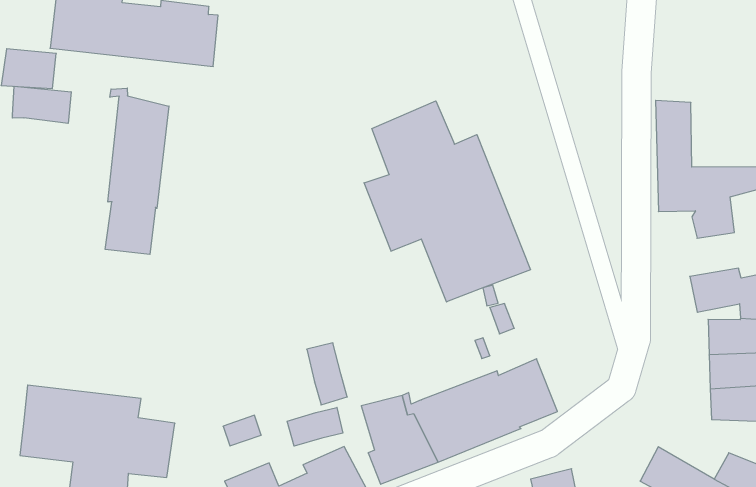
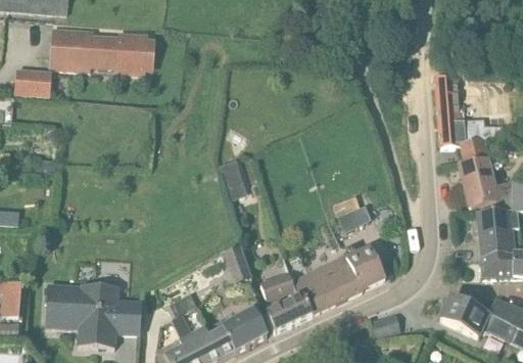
building: [13,86,71,123] -> none
building: [105,88,169,254] -> none
building: [364,101,530,302] -> none
building: none -> [220,160,248,200]
building: none -> [458,157,493,187]
building: [287,407,343,446] -> none

